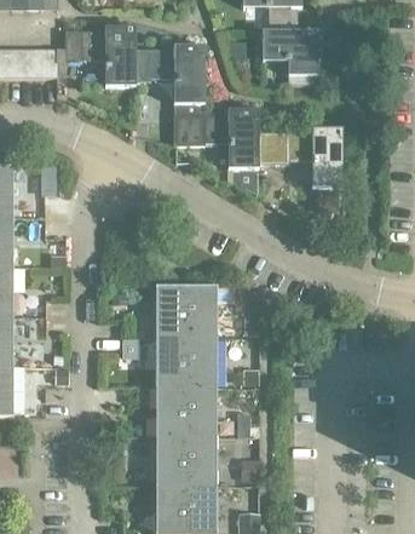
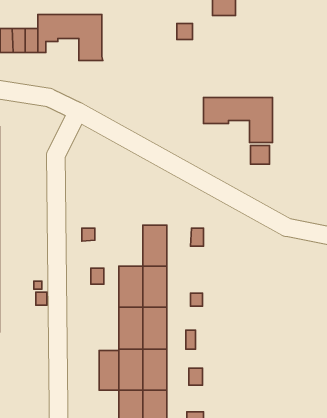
building: [263,29,318,85] -> none
building: [136,48,204,103] -> none
building: [174,113,259,191] -> none
building: [156,286,185,335] -> none
building: none -> [99,350,119,390]

